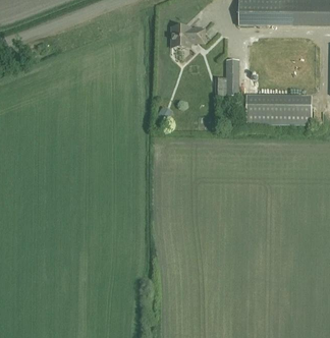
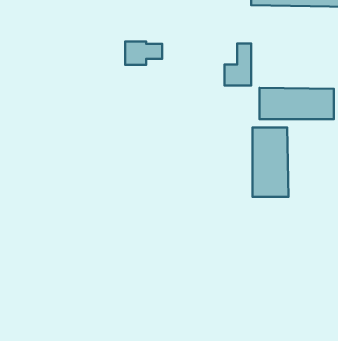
building: [171,24,204,45] -> [125,41,162,65]
building: none -> [253,128,289,197]

